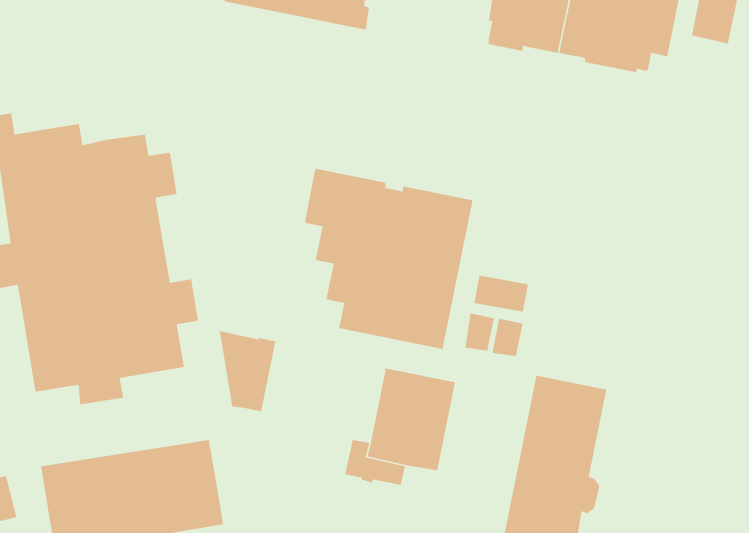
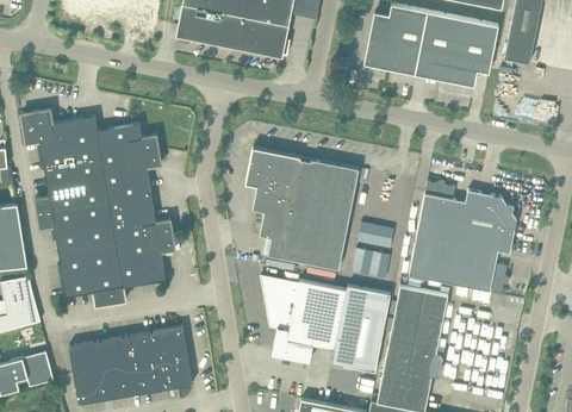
building: none -> [409,181,517,295]
building: [219,330,276,412] -> [261,276,299,331]
building: none -> [332,286,391,373]

